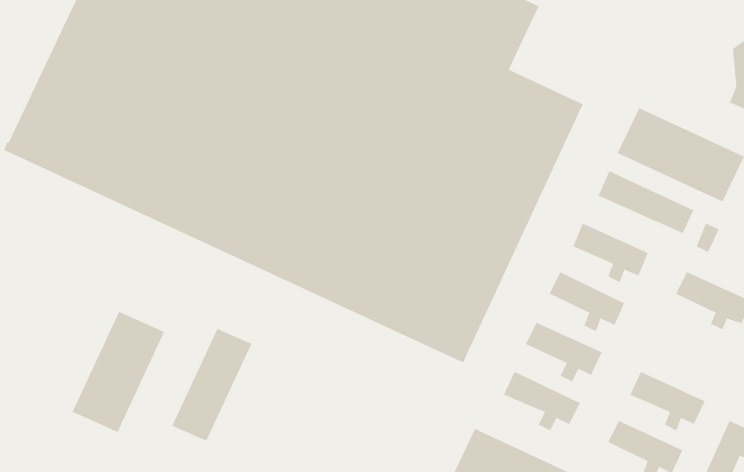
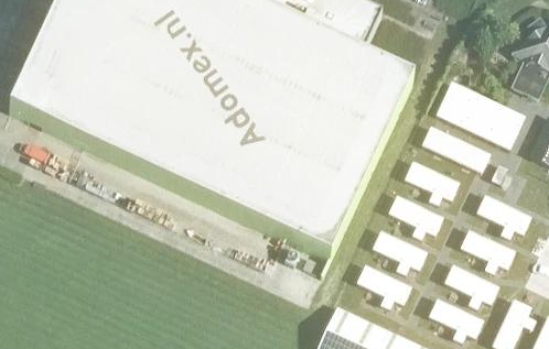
building: [72,311,165,433] -> none
building: none -> [461,230,514,272]
building: [172,328,252,442] -> none

